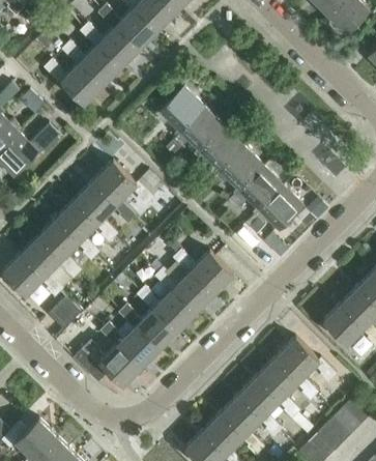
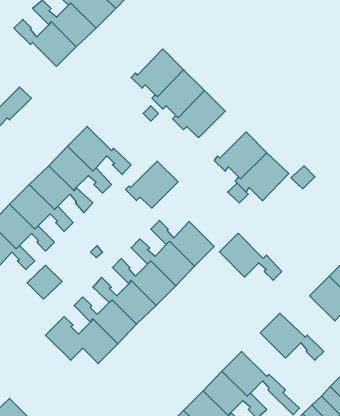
building: [213,146,263,191] -> [126,161,178,208]
building: [259,356,318,401] -> [219,233,282,280]

